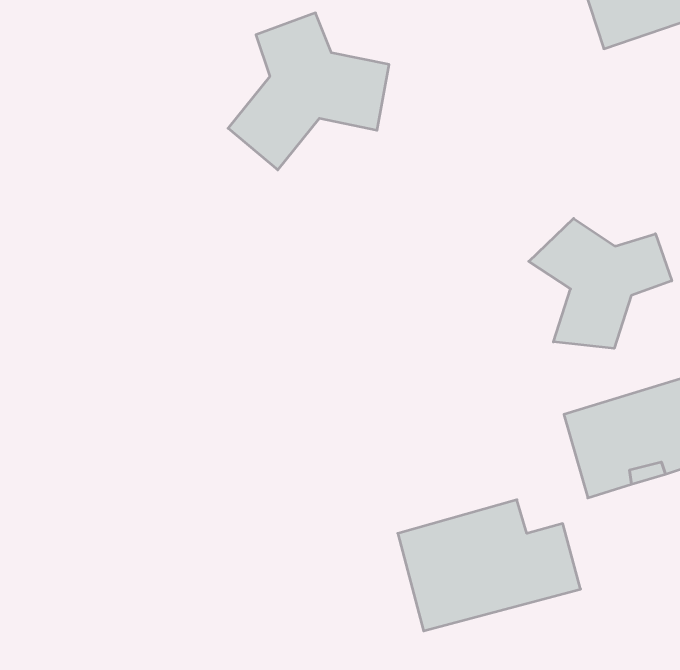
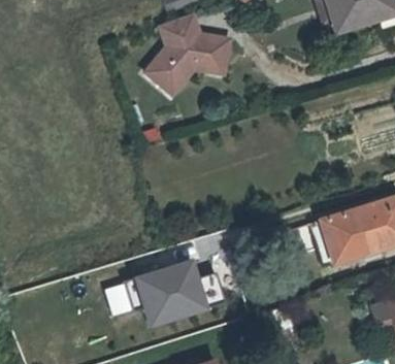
building: [529,218,672,348] -> none
building: [398,500,581,631] -> [128,259,223,327]

